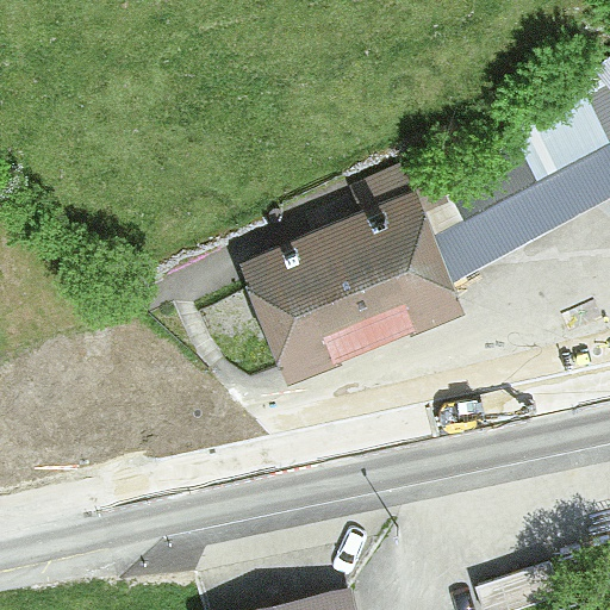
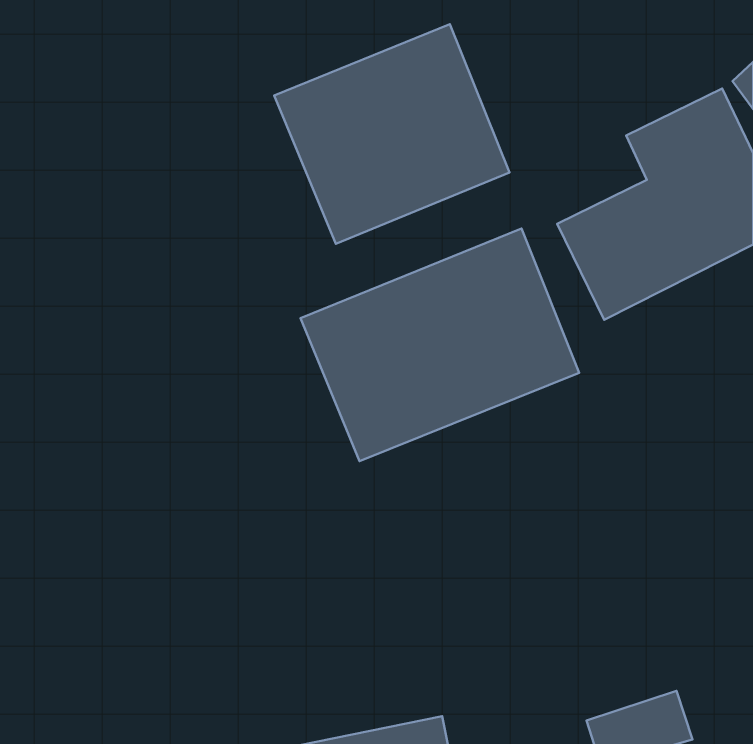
building: none -> [274,24,510,244]

